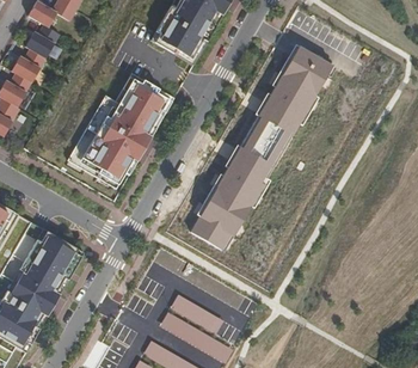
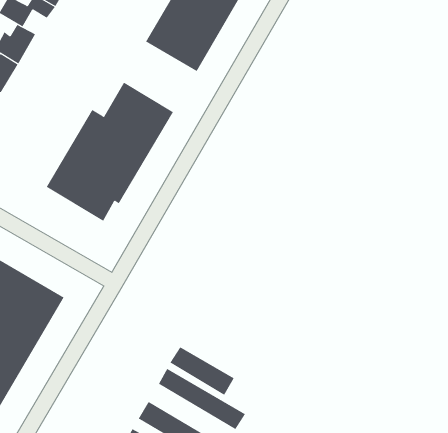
building: [191,47,333,250] -> none

